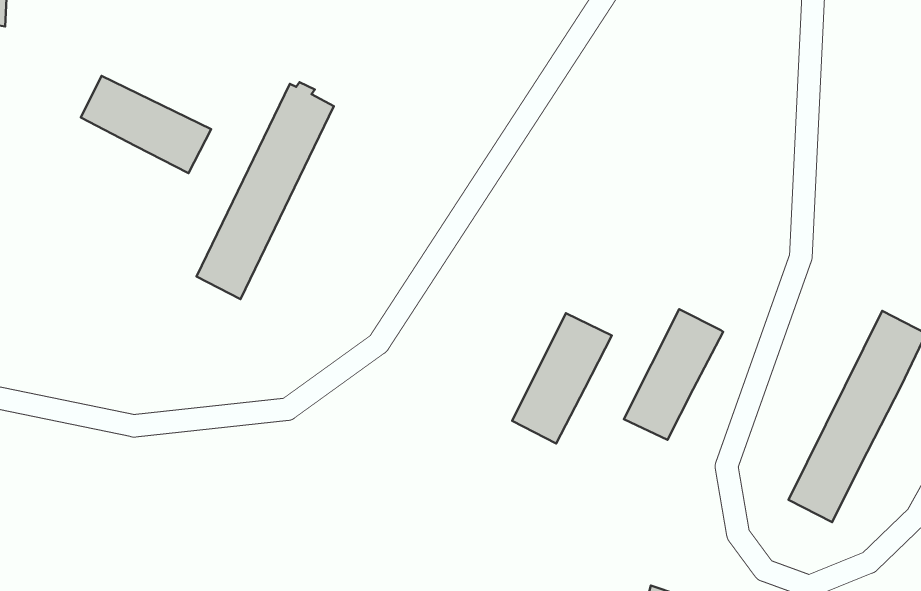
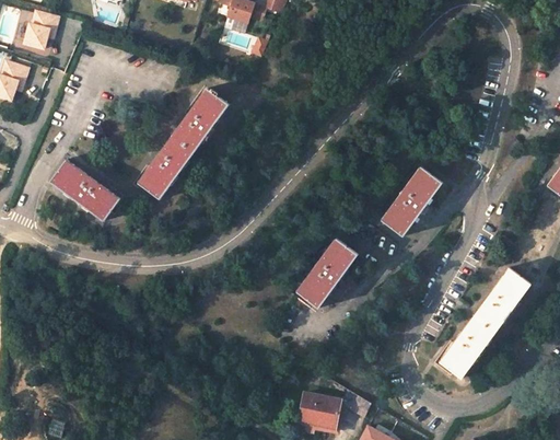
building: [81,76,211,173] -> [49,160,119,221]
building: [624,309,723,440] -> [380,166,442,236]

